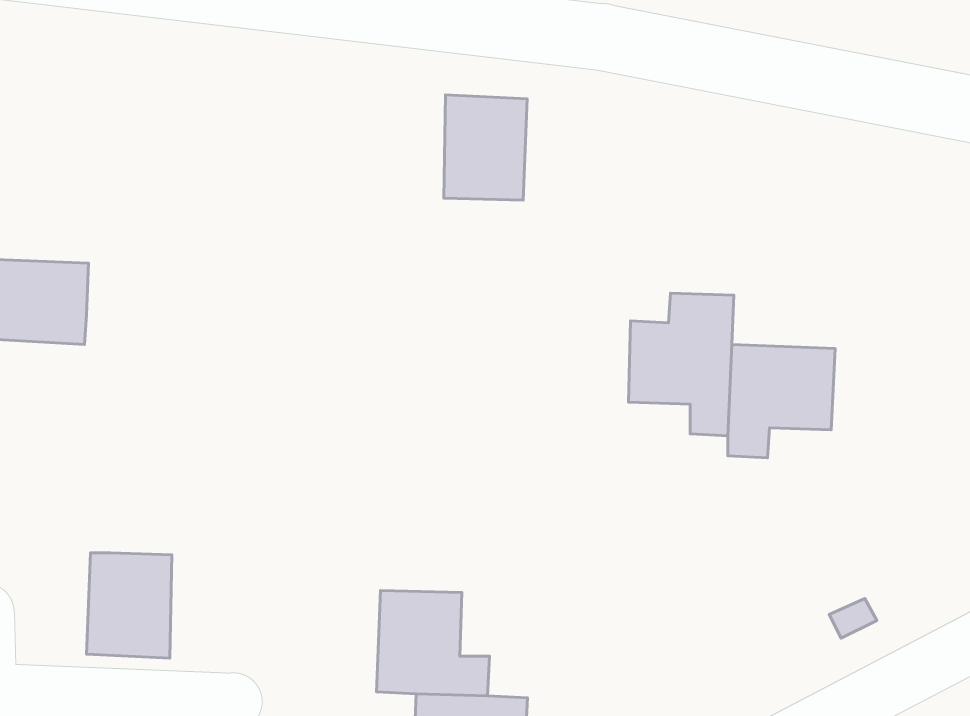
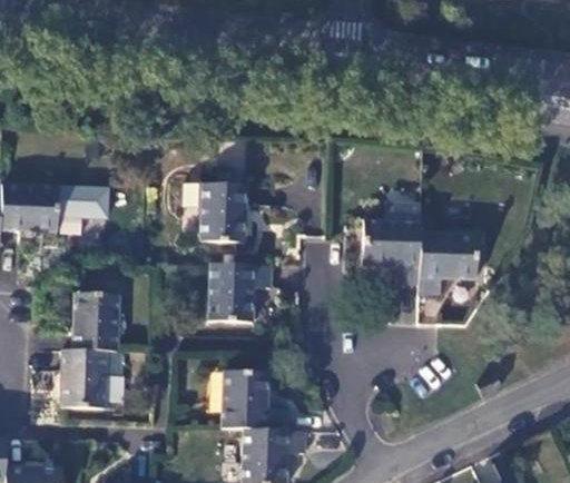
building: [444,95,527,200] -> [200,184,247,243]
building: none -> [59,187,109,217]
building: none -> [208,264,273,323]
building: none -> [72,293,120,352]

